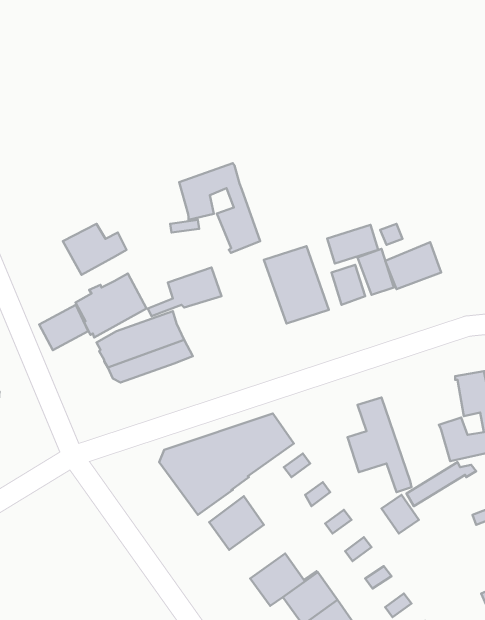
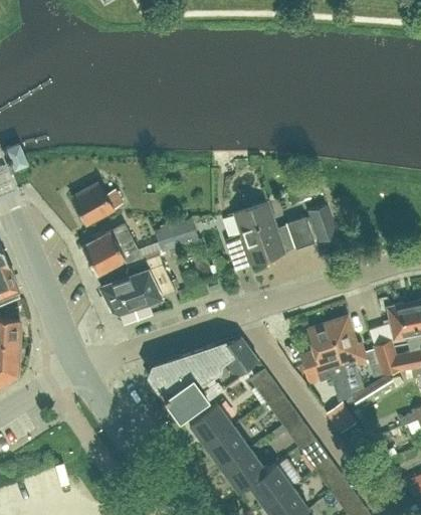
building: [179,163,260,253] -> none
building: [327,225,378,264] -> none
building: [385,242,441,289] -> none
building: [39,305,88,350] -> none
building: none -> [328,318,367,392]
building: none -> [205,427,250,471]

